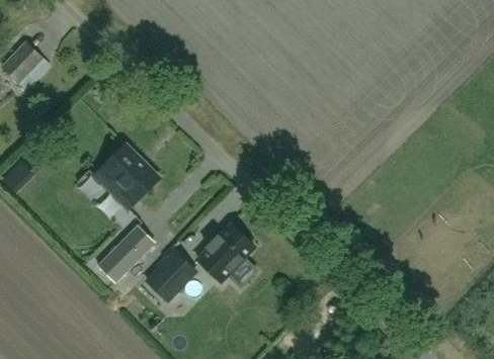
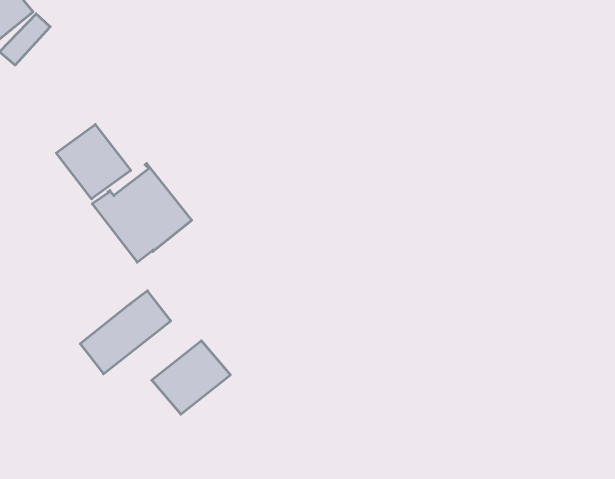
building: none -> [56,124,131,199]
building: [196,223,254,281] -> none

